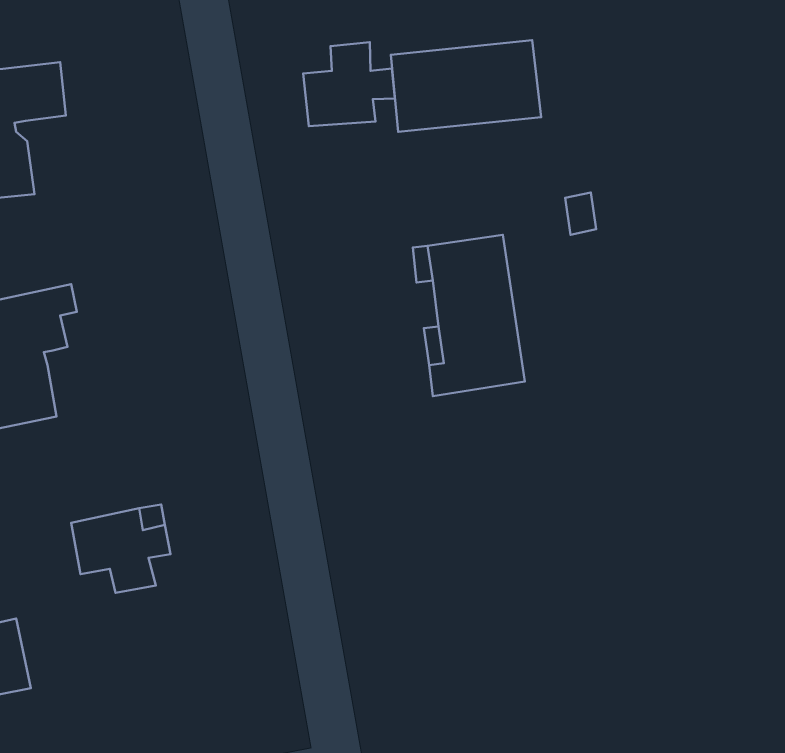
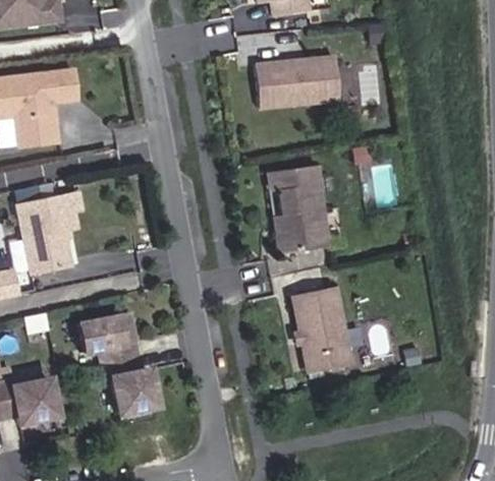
building: [303,42,395,126] -> none
building: none -> [292,286,350,372]
building: none -> [103,358,156,412]

